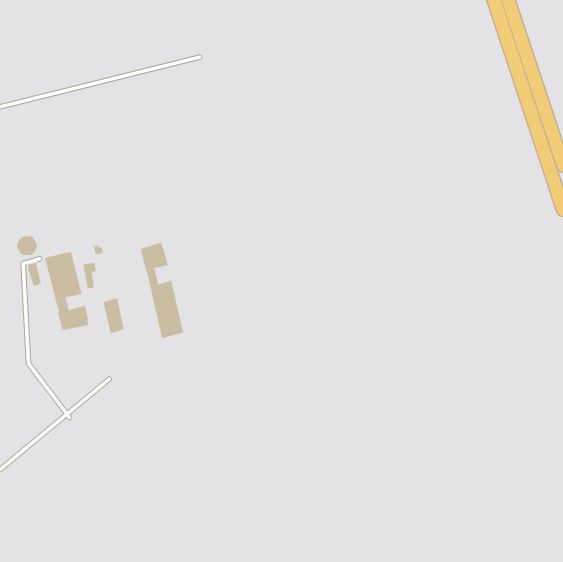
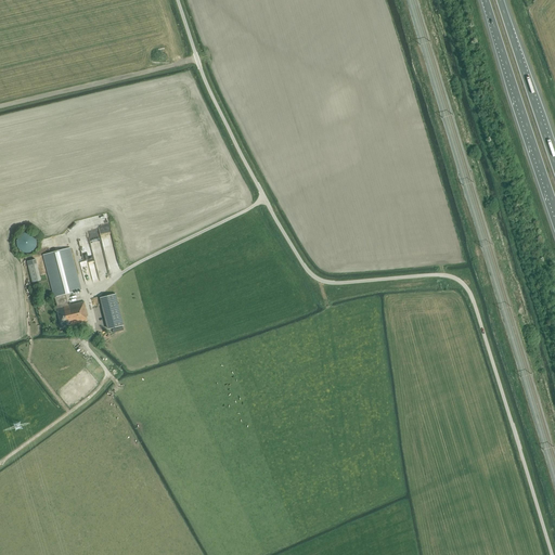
building: [140,242,184,339] -> none

